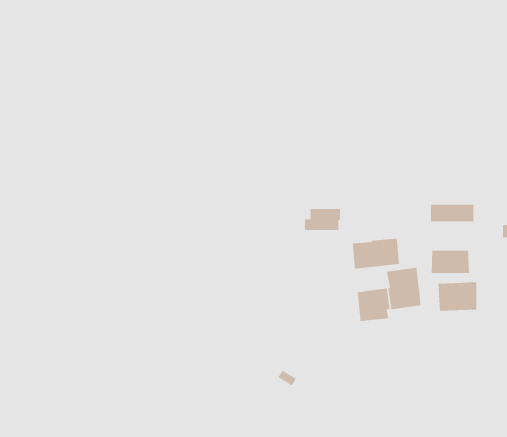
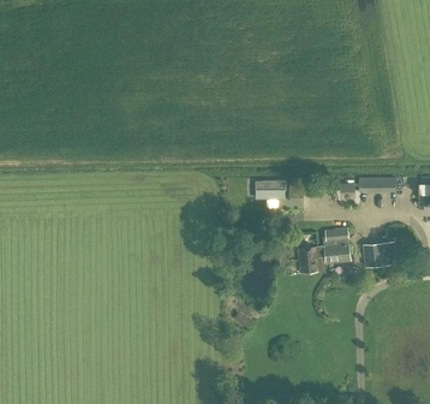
building: [352,238,400,270] -> none
building: [431,250,470,274] -> none

